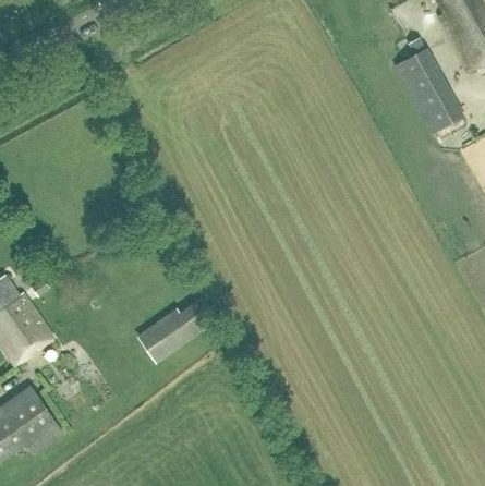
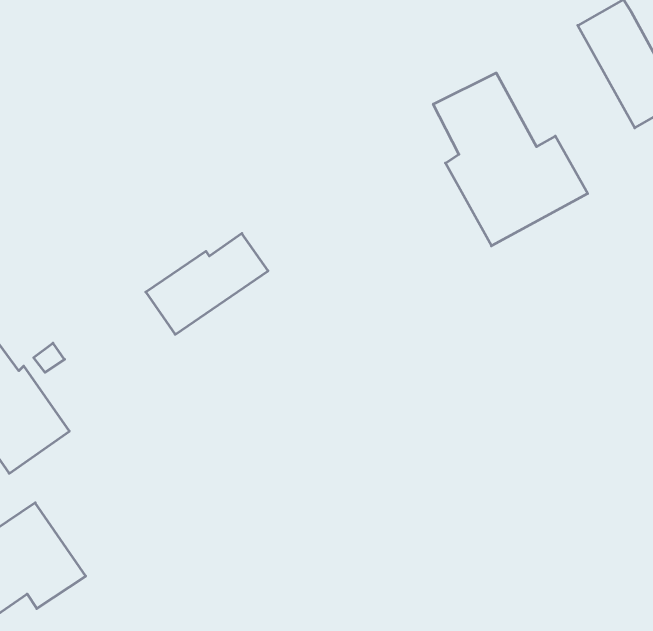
building: none -> [433,73,588,246]
building: [137,294,219,362] -> [146,233,268,334]

